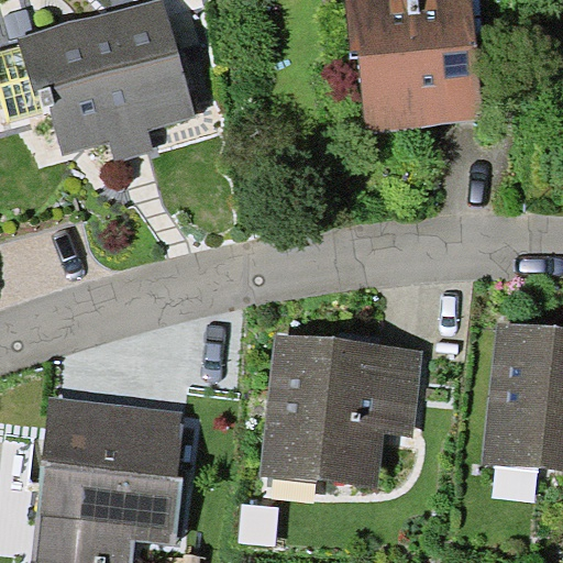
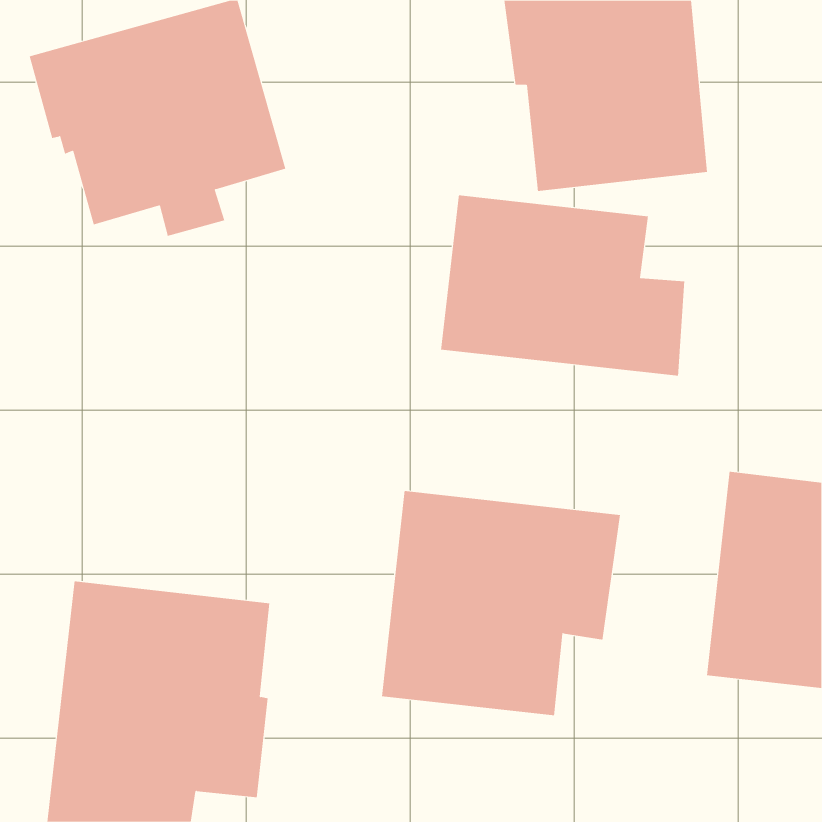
building: none -> [441,195,685,377]

